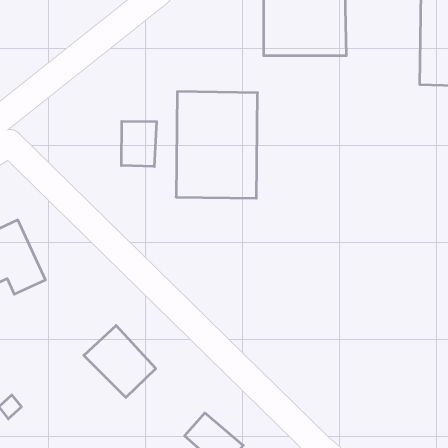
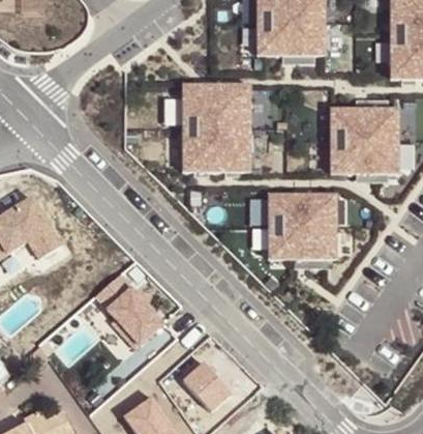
building: [121,121,157,167] -> none
building: none -> [326,109,397,176]
building: none -> [264,194,332,260]

